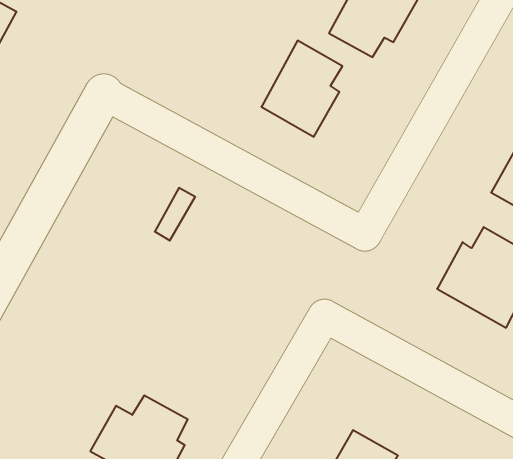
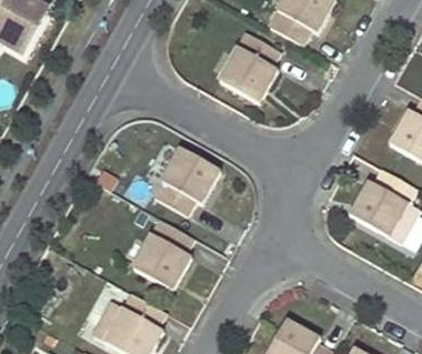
building: none -> [154,148,221,214]
building: none -> [129,219,192,291]

